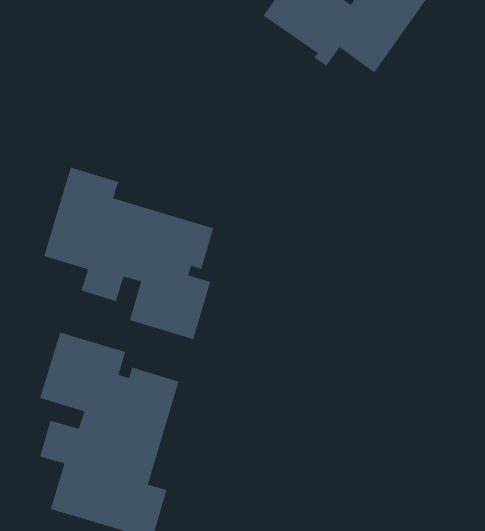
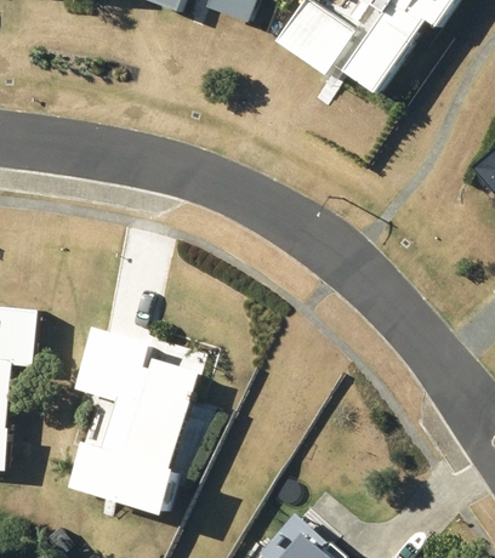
building: [43,166,214,340] -> none

